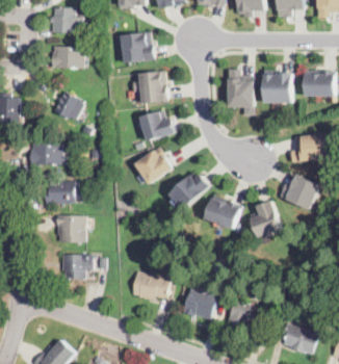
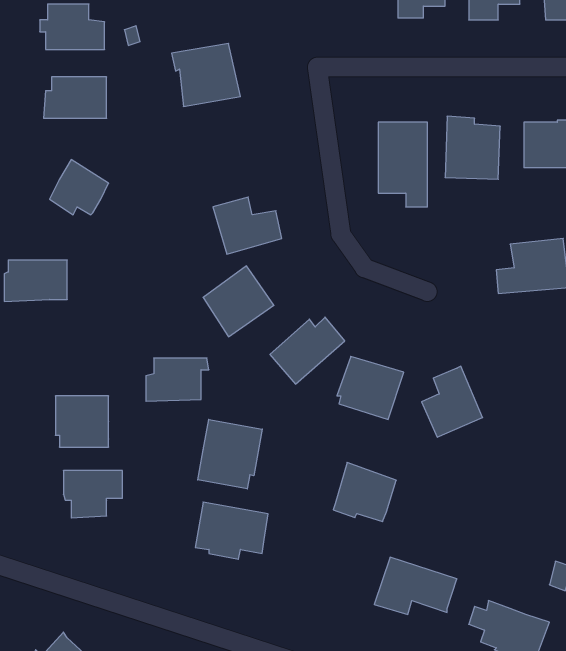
building: [139,70,168,103] -> none
building: [280,172,320,209] -> none
building: [45,182,78,205] -> [146,358,209,401]
building: none -> [198,419,262,489]
building: [183,288,216,319] -> [333,462,396,522]

